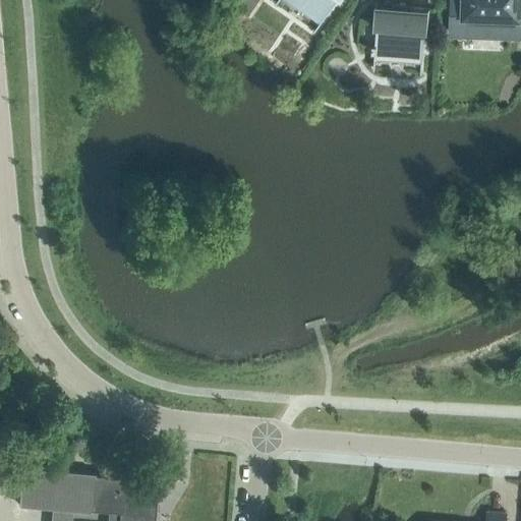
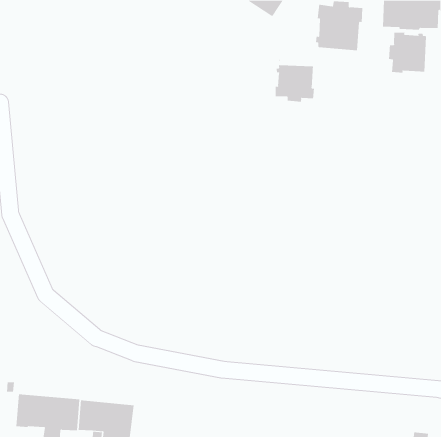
building: none -> [388,32,434,73]
building: none -> [275,57,314,102]

